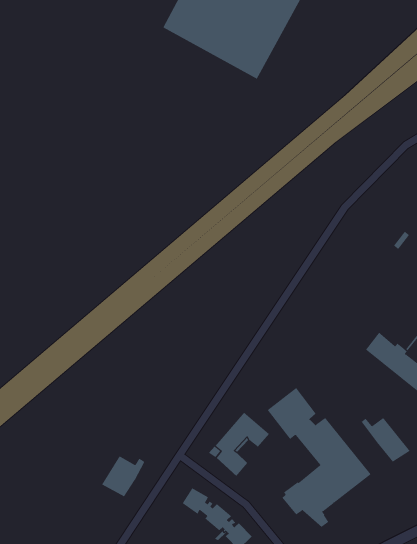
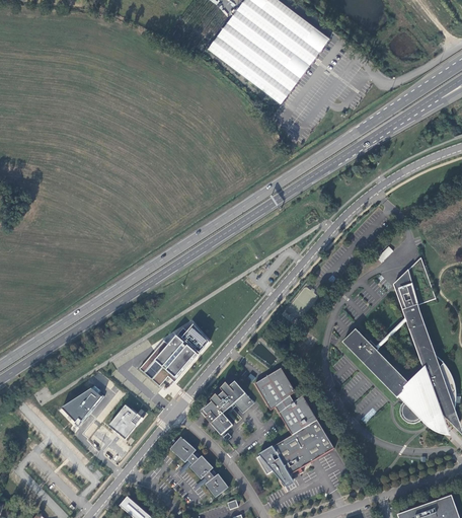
building: none -> [138,325,207,386]
building: [361,417,411,463] -> none
building: none -> [58,387,103,429]

